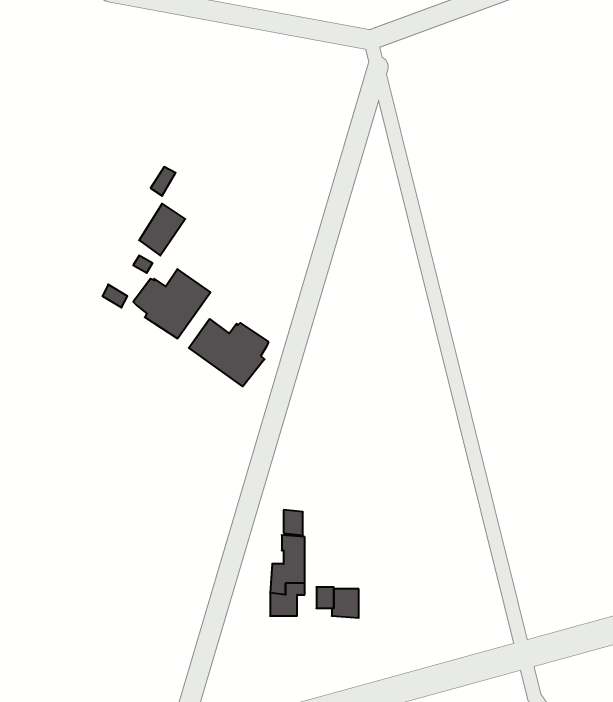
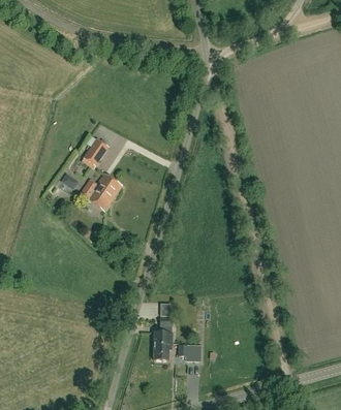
building: [189,319,268,386] -> none

